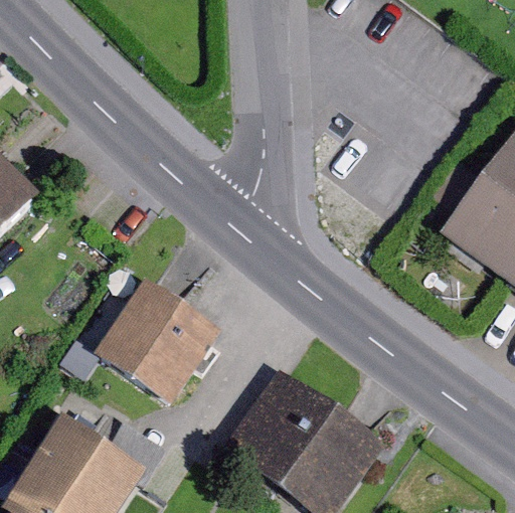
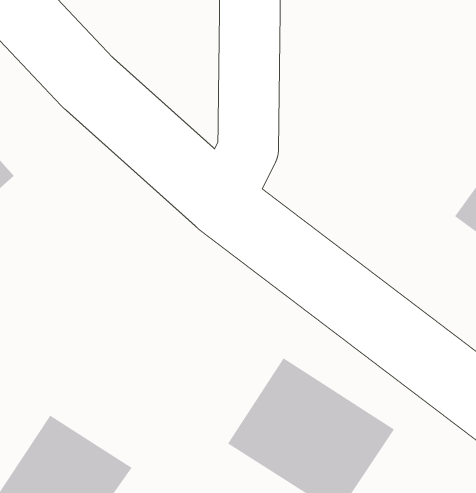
building: [95,282,220,407] -> none

